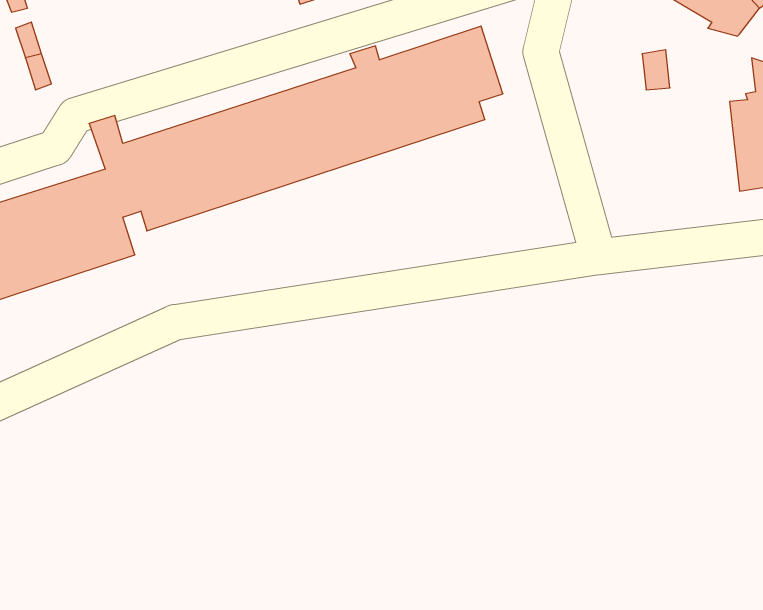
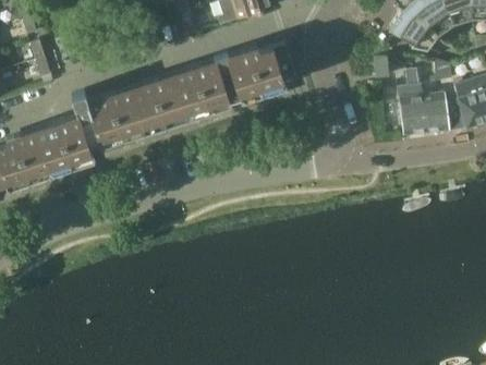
building: none -> [398,66,426,133]

